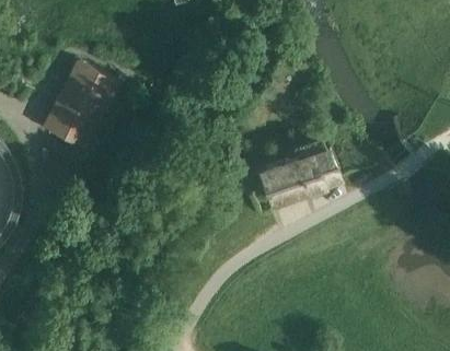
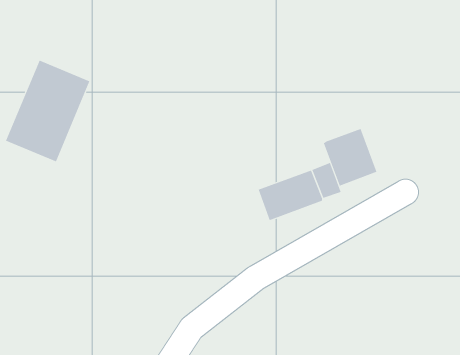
building: none -> [323,128,377,187]

